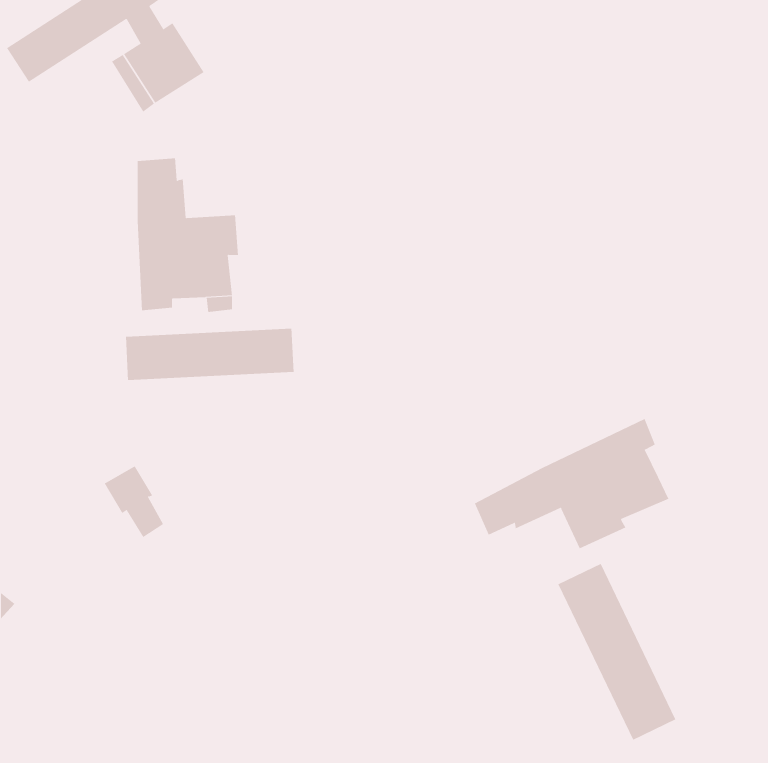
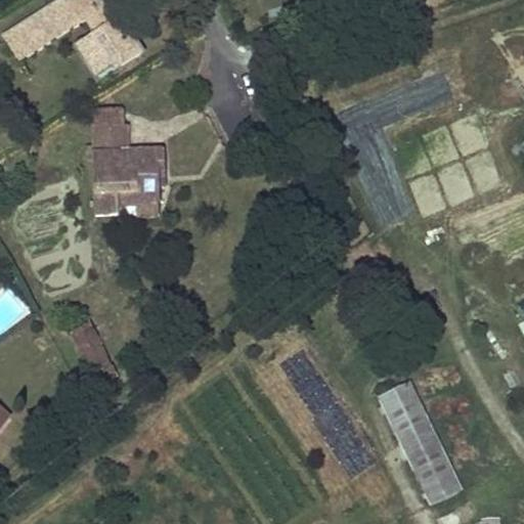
building: [125,328,294,381] -> none
building: [474,418,669,549] -> none

